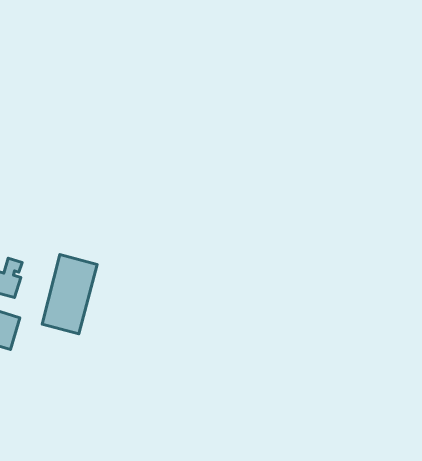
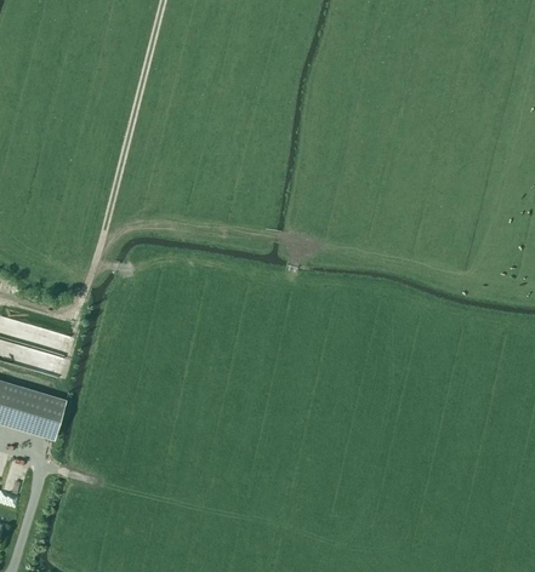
building: [42,254,97,334] -> none

